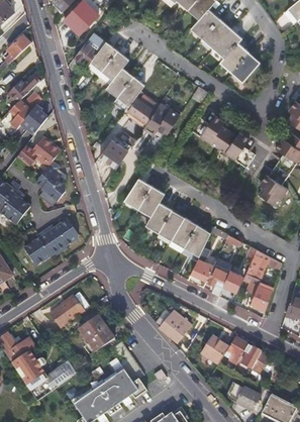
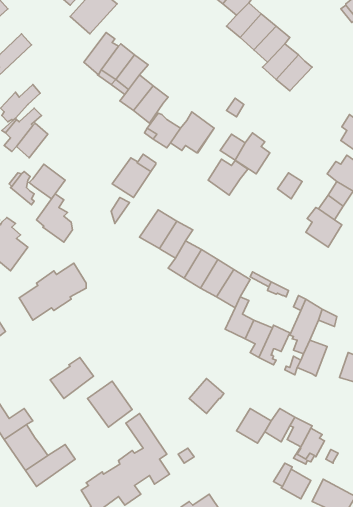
building: [216,129,248,159] -> [208,159,248,195]

